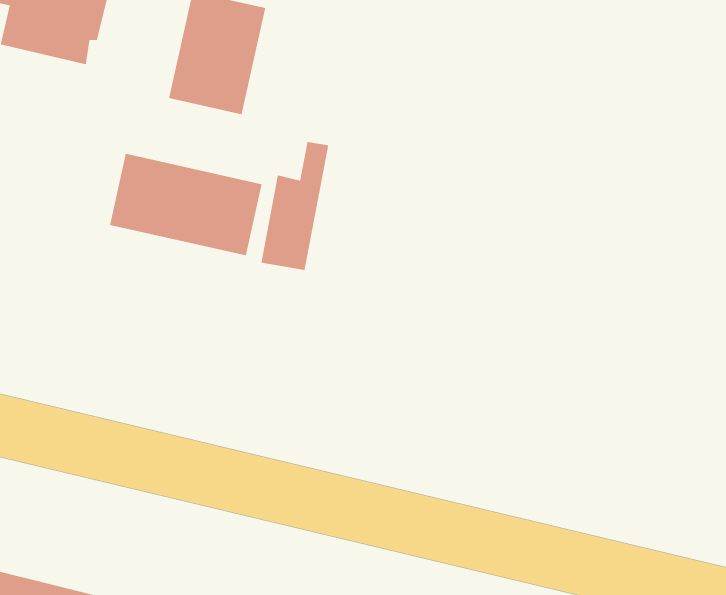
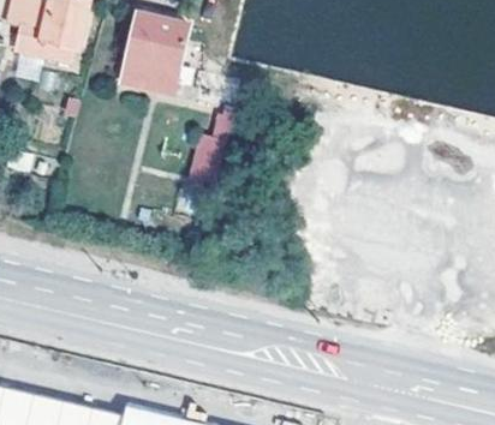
building: [109,153,263,256] -> none

